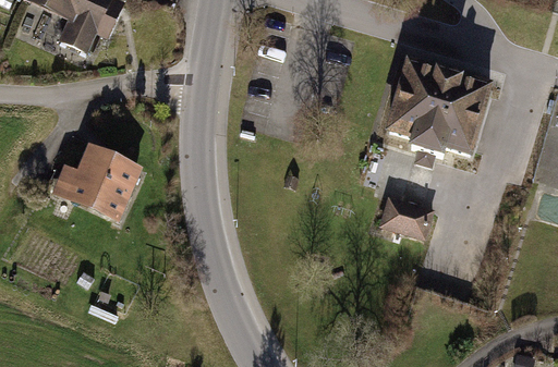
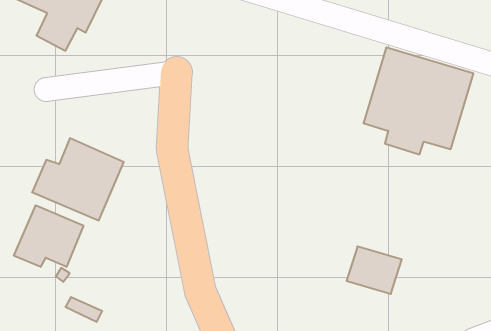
building: [377,193,433,241] -> [347,246,402,294]
building: none -> [14,205,83,267]

